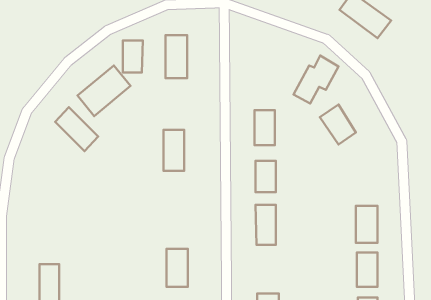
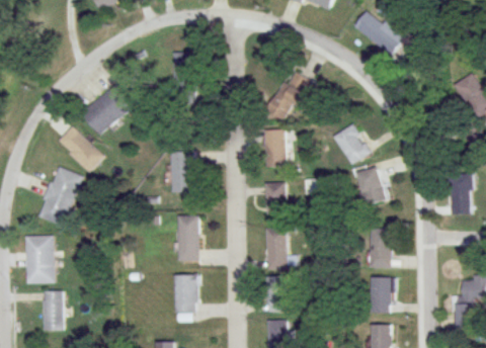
building: [123,41,143,72] -> none
building: [294,56,339,103] -> [266,72,313,121]
building: none -> [37,167,81,227]
building: none -> [354,167,388,207]
building: none -> [176,215,197,261]
building: none -> [25,236,53,283]
building: none -> [266,277,289,313]

